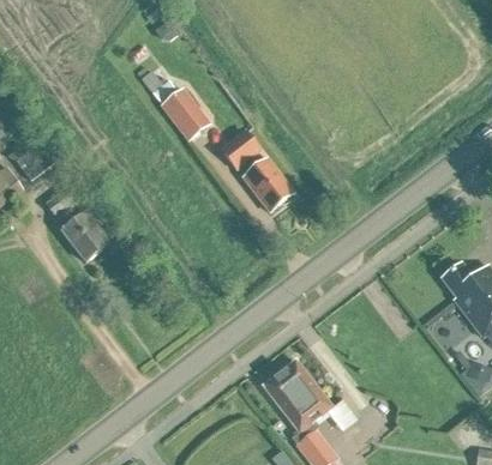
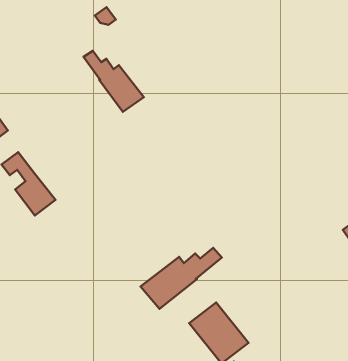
building: [220,129,295,215] -> none
building: none -> [141,248,222,309]

